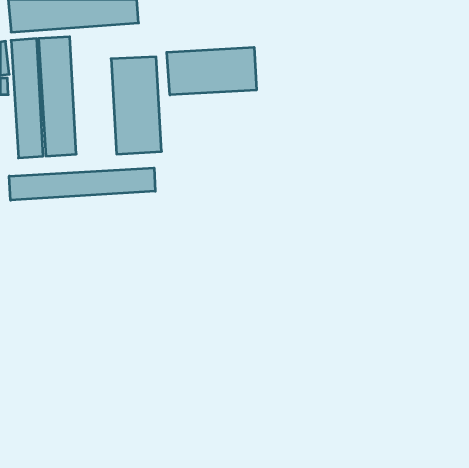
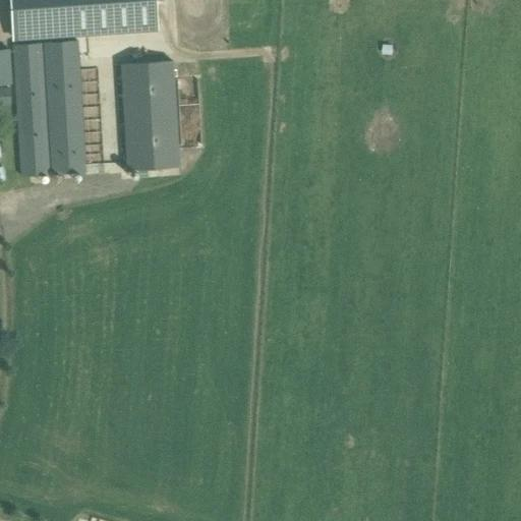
building: [167,47,256,95] -> none
building: [9,168,155,200] -> none

